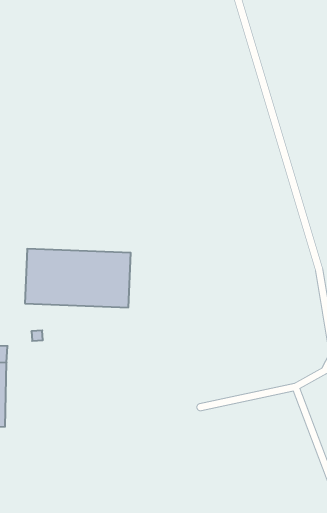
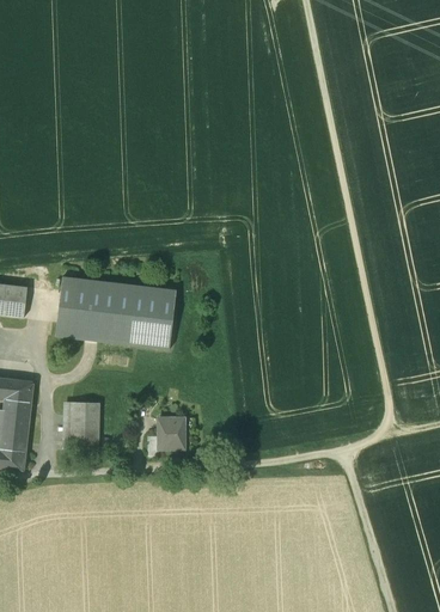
building: none -> [69,402,99,449]
building: none -> [158,417,184,449]

